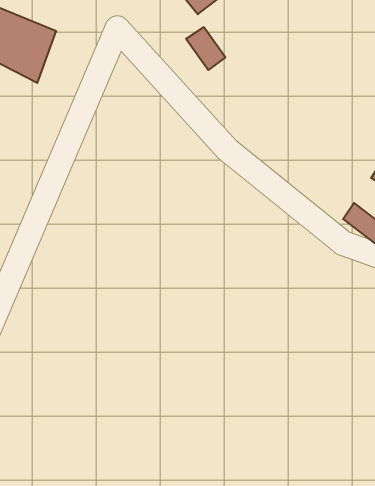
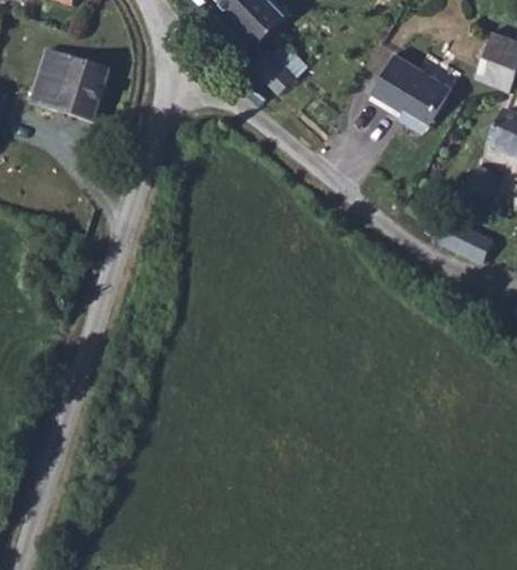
building: none -> [370,53,449,127]

